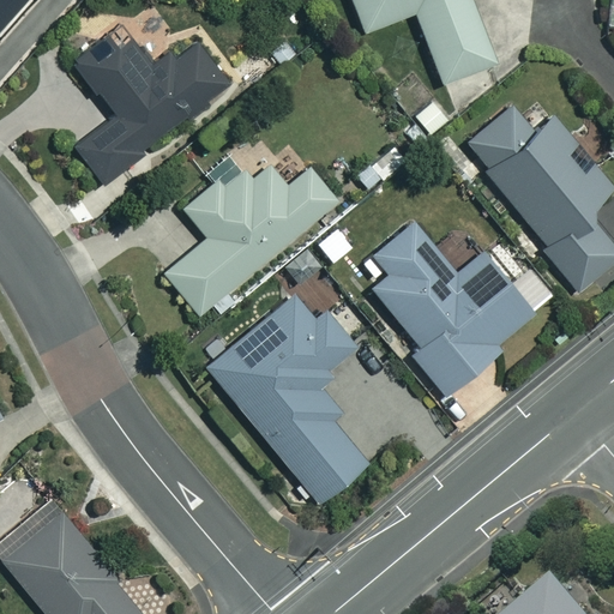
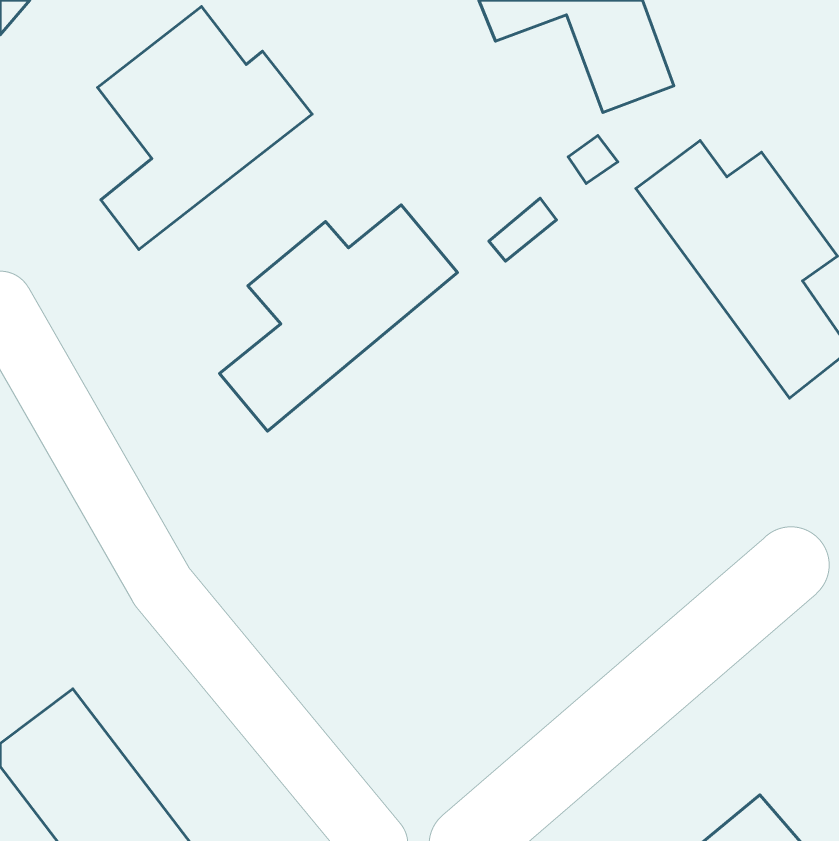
building: [371,222,531,395] -> none
building: [209,290,362,495] -> none

